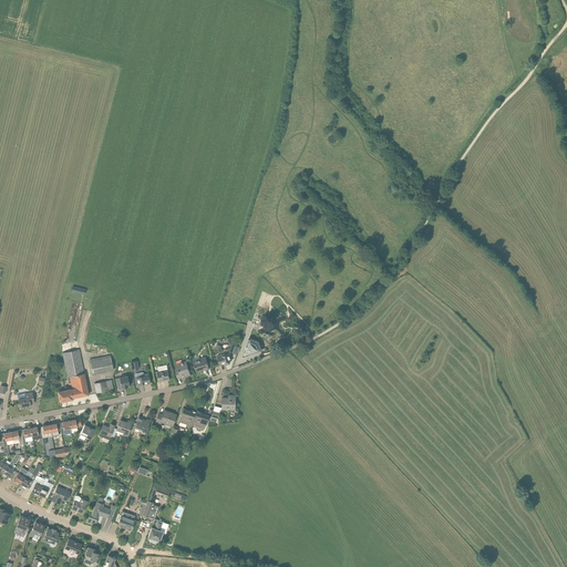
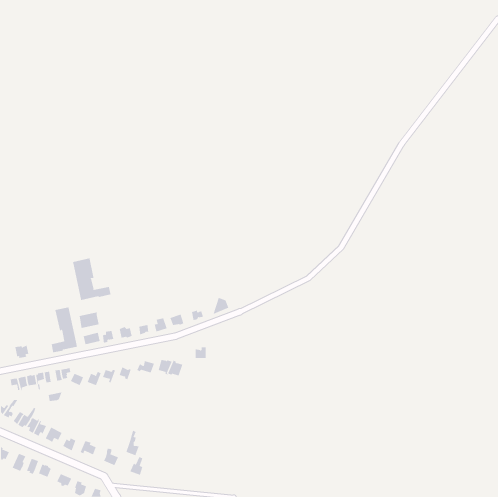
building: none -> [73,258,111,301]

